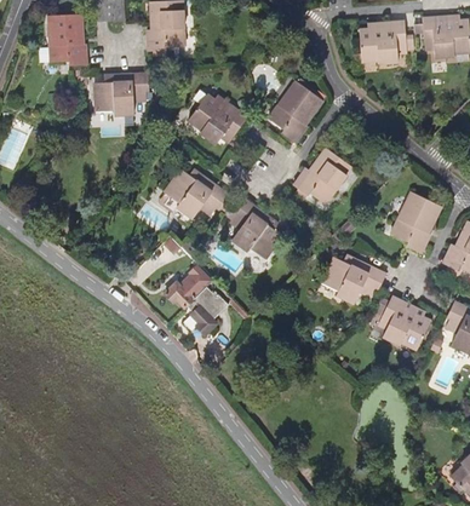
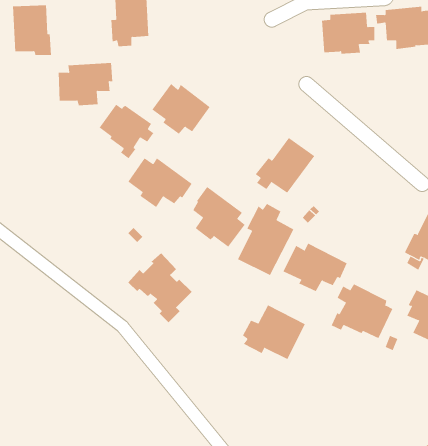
building: [268,80,323,143] -> none
building: none -> [99,104,154,159]
building: [390,191,442,254] -> none
building: none -> [237,203,294,276]
building: none -> [242,304,305,360]

